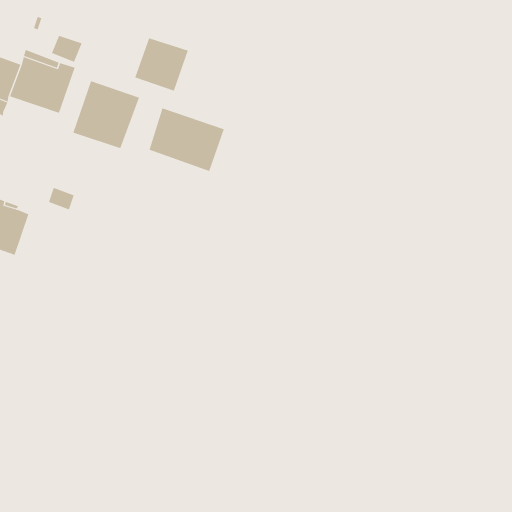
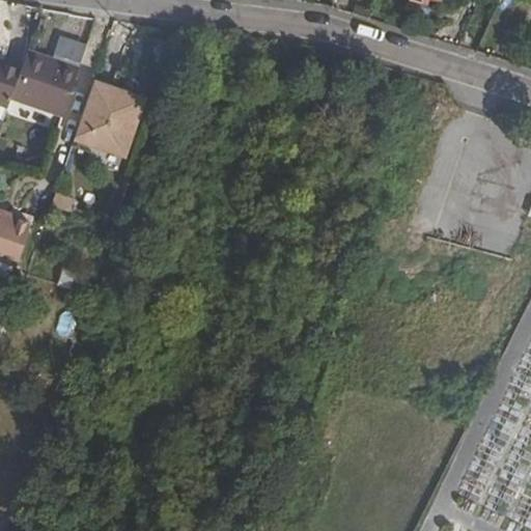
building: [134,38,188,91] -> none
building: [149,107,224,172] -> none

